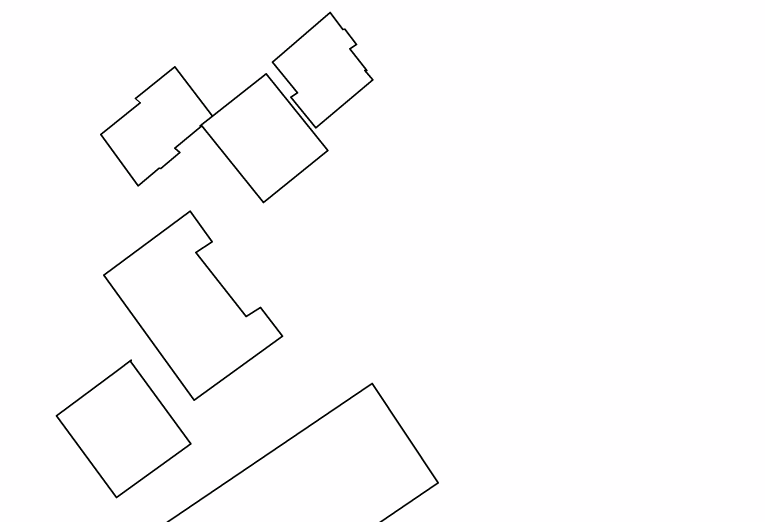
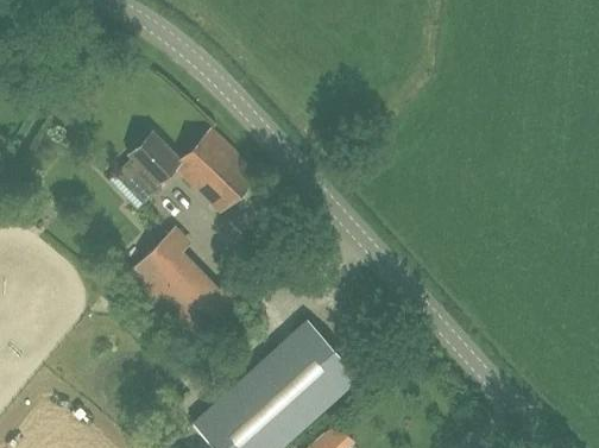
building: [272,12,373,128] -> none
building: [57,360,191,498] -> none

